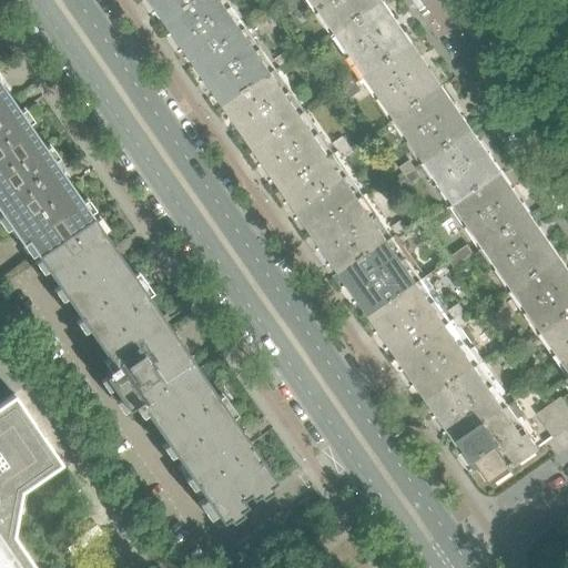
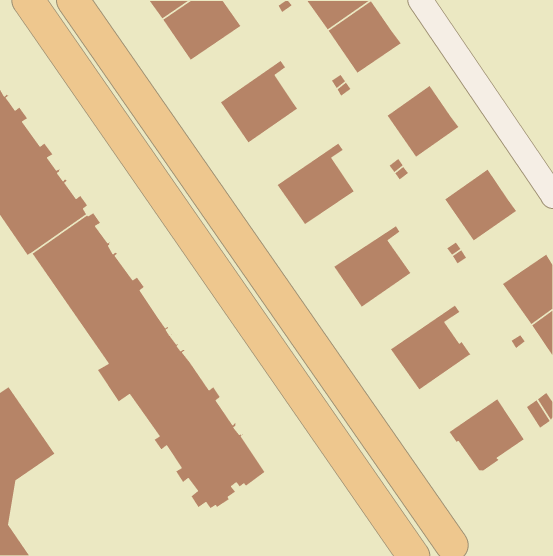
building: [194,27,286,104] -> none
building: [364,44,438,118] -> none
building: [253,111,345,189] -> none
building: [424,130,497,203] -> none
building: [311,195,404,272] -> none
building: [483,215,557,290] -> none
building: [368,278,464,356] -> none
building: [427,363,520,440] -> none

